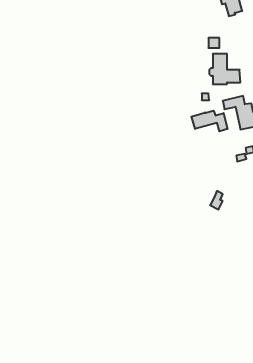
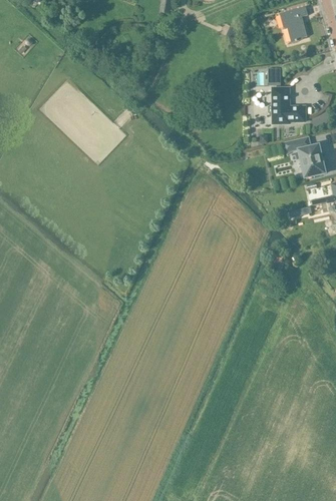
building: [191,111,228,131] -> none

